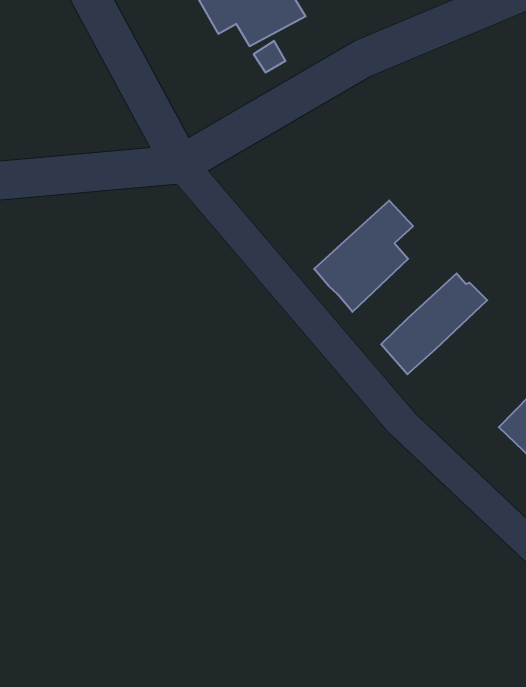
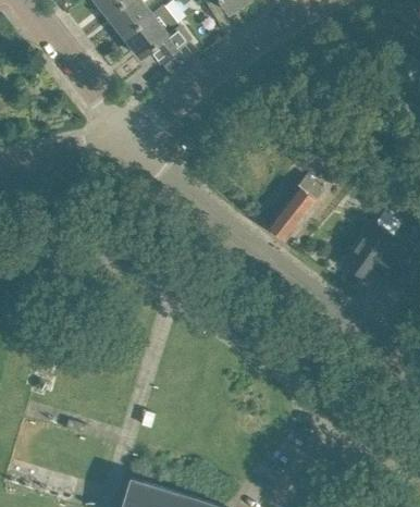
building: [314,200,413,312] -> none

